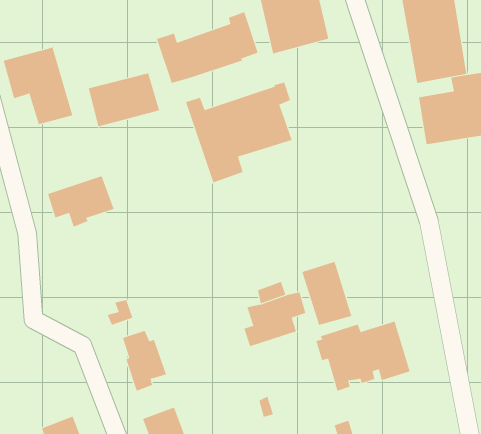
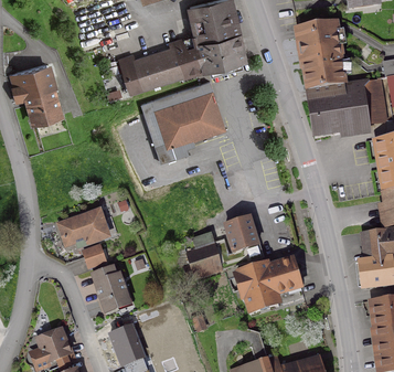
building: [88,72,160,127] -> none
building: [47,175,114,227] -> [58,211,107,248]

